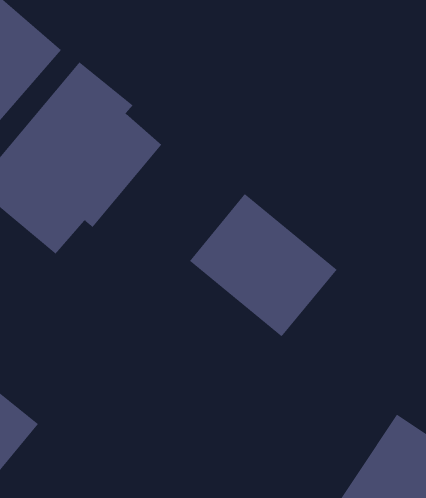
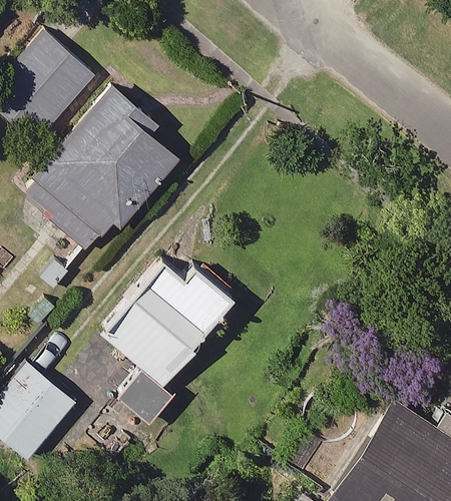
building: [189,193,337,337] -> none
building: none -> [92,256,238,390]

